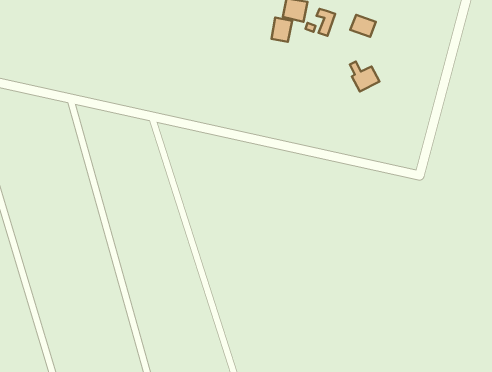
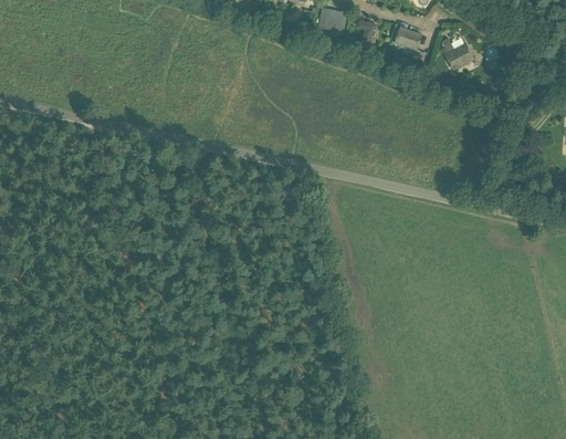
building: [271,17,292,42] -> none
building: [350,62,380,91] -> [441,35,474,69]

